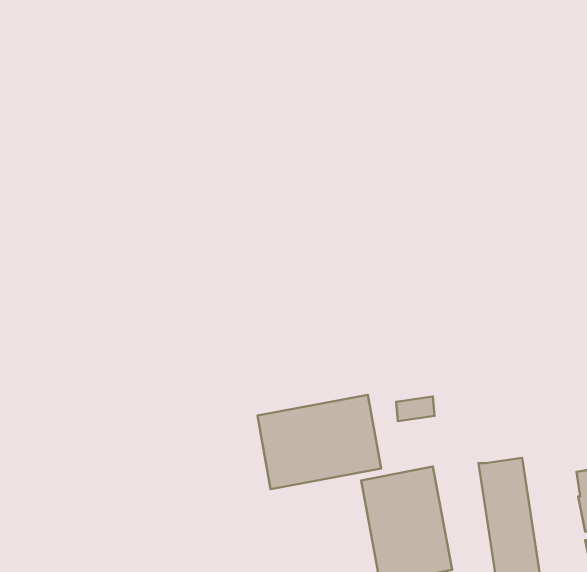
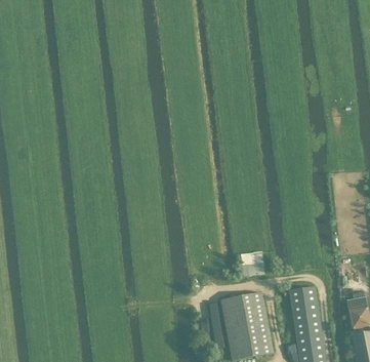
building: [258,395,381,489] -> none

